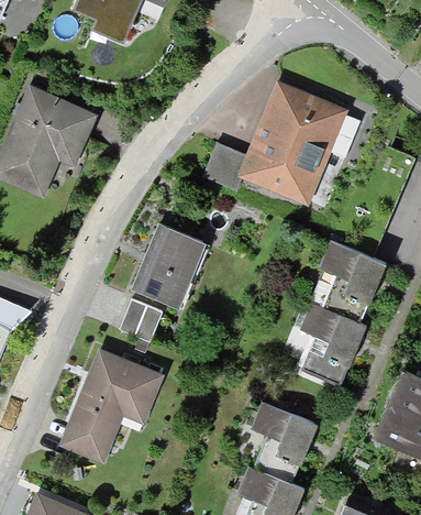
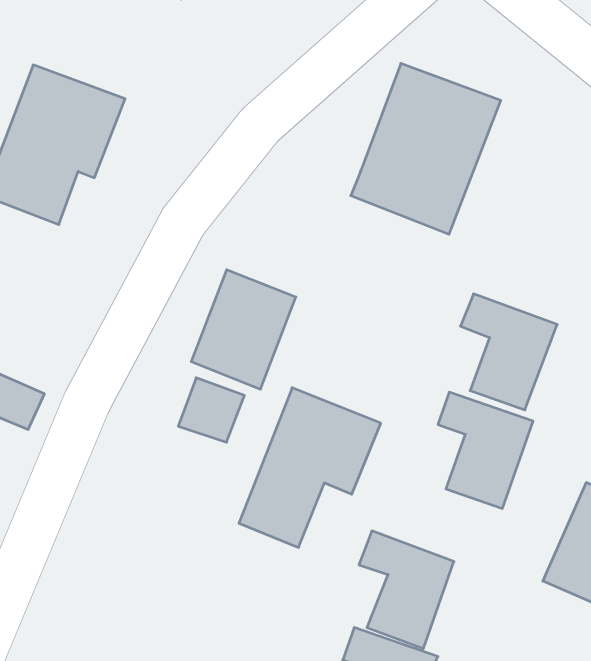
building: [207,146,248,188] -> none
building: [62,352,158,461] -> [239,388,381,547]

